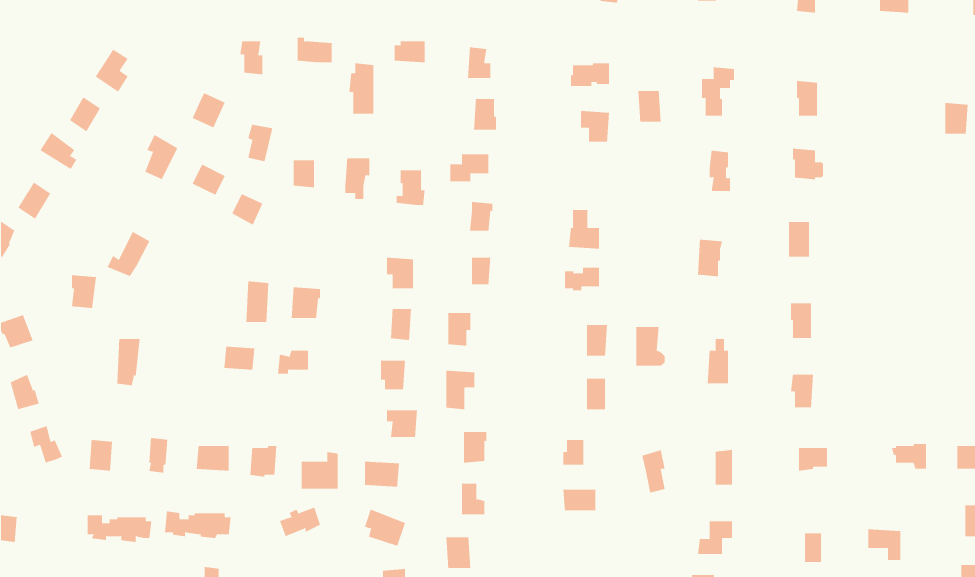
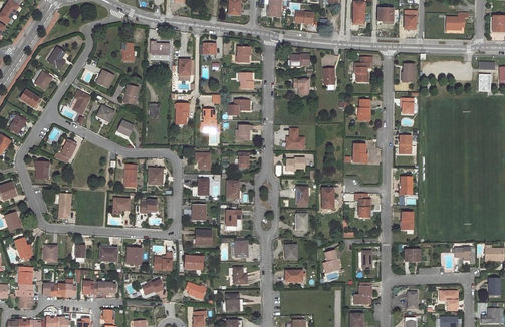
building: none -> [19,267,34,308]

